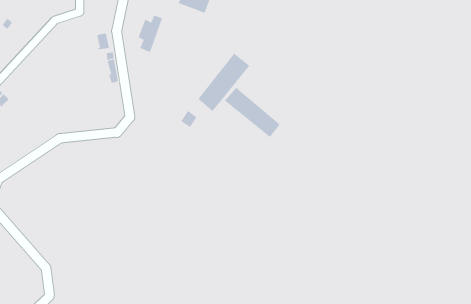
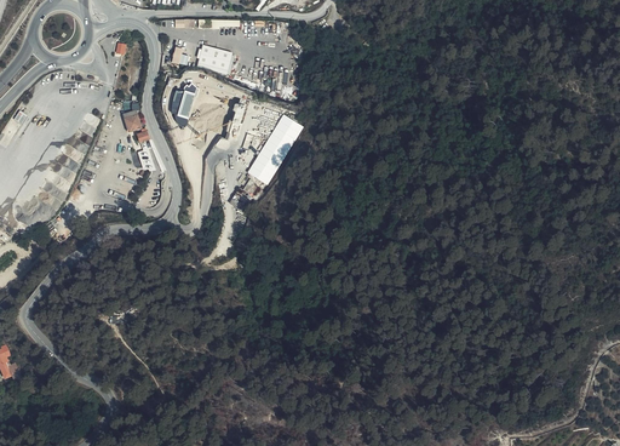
building: [224,87,281,138] -> none

